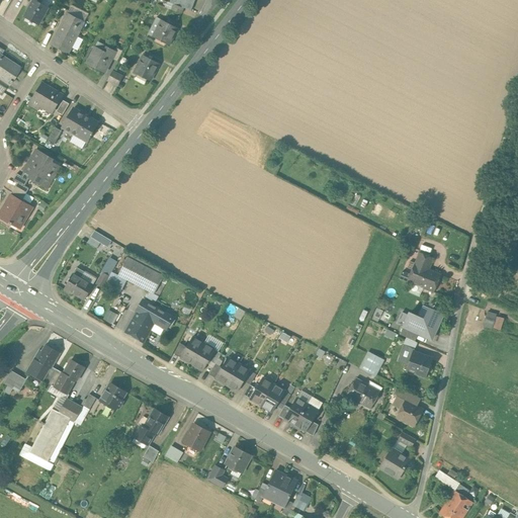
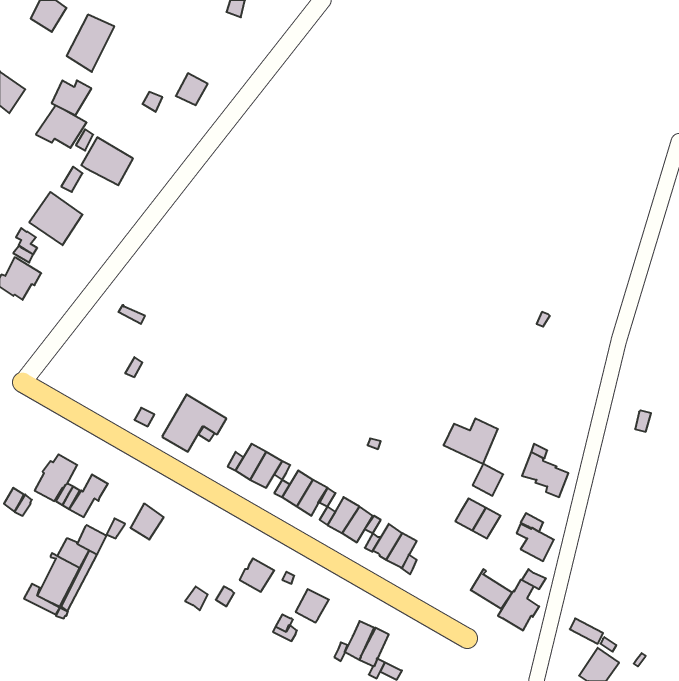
building: [148,15,178,42] -> none
building: [87,44,117,70] -> [52,80,91,115]
building: [399,252,440,292] -> none
building: [117,257,163,293] -> none
building: [64,266,92,298] -> none
building: [401,306,442,340] -> [443,418,498,464]
building: [133,408,167,445] -> none
building: none -> [471,569,512,609]

